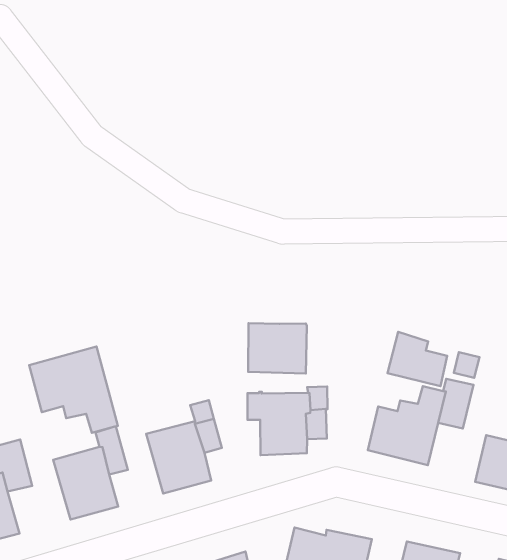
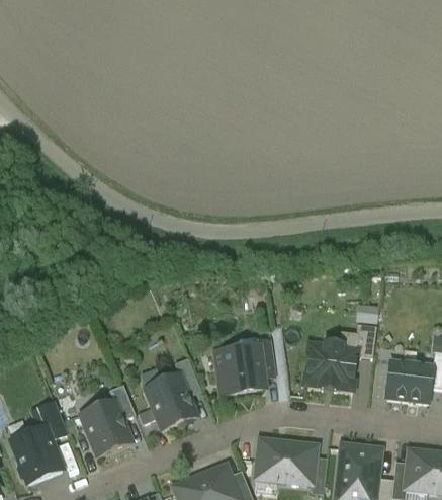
building: [248,323,307,373] -> none
building: [387,332,447,386] -> none
building: [29,347,118,433] -> none

